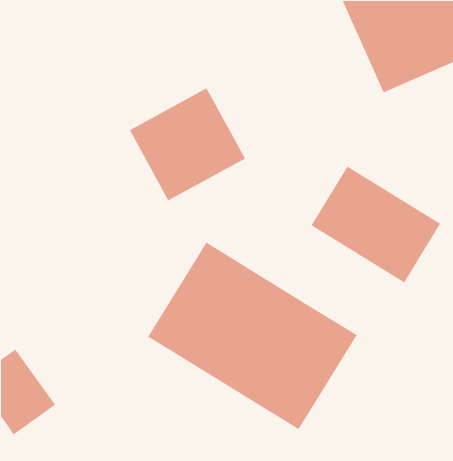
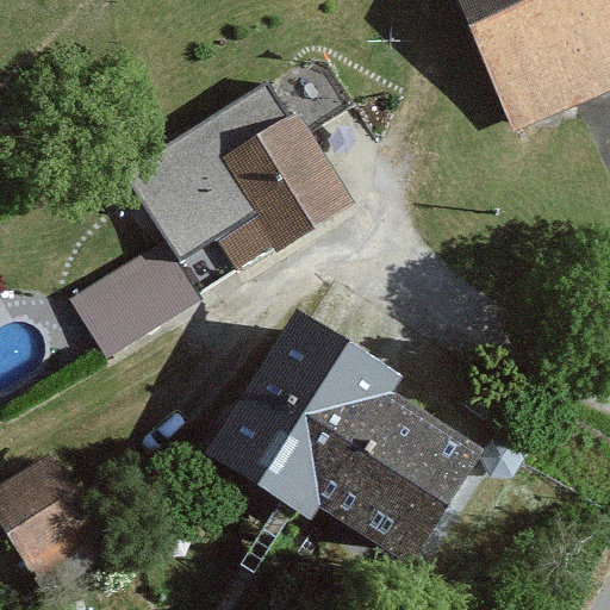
building: [310,166,441,284] -> none
building: none -> [74,239,203,356]

